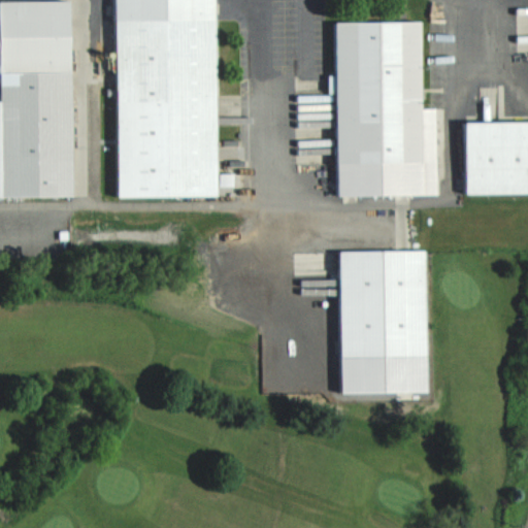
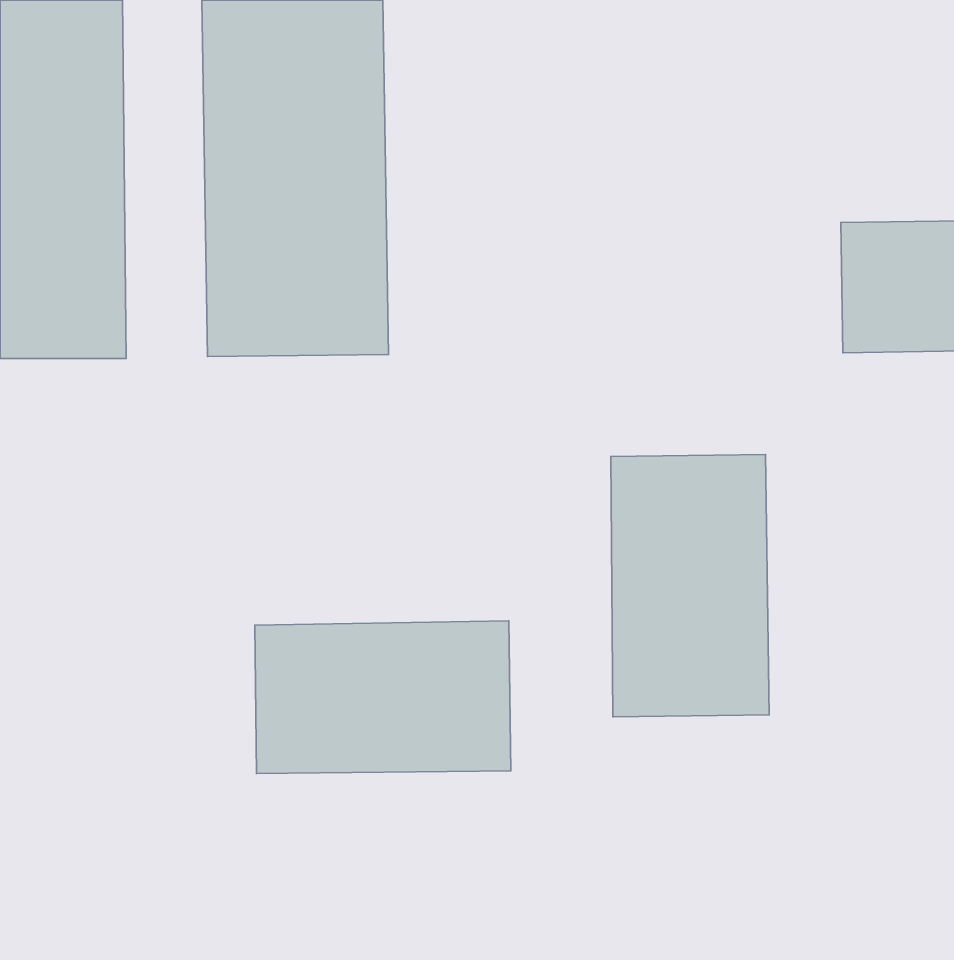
building: [335,22,437,197] -> none
building: none -> [255,621,511,773]

